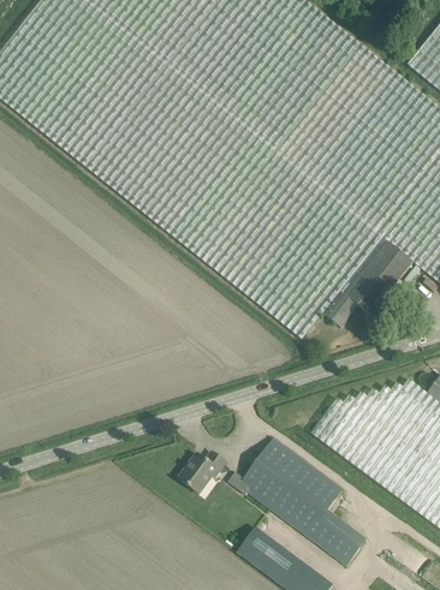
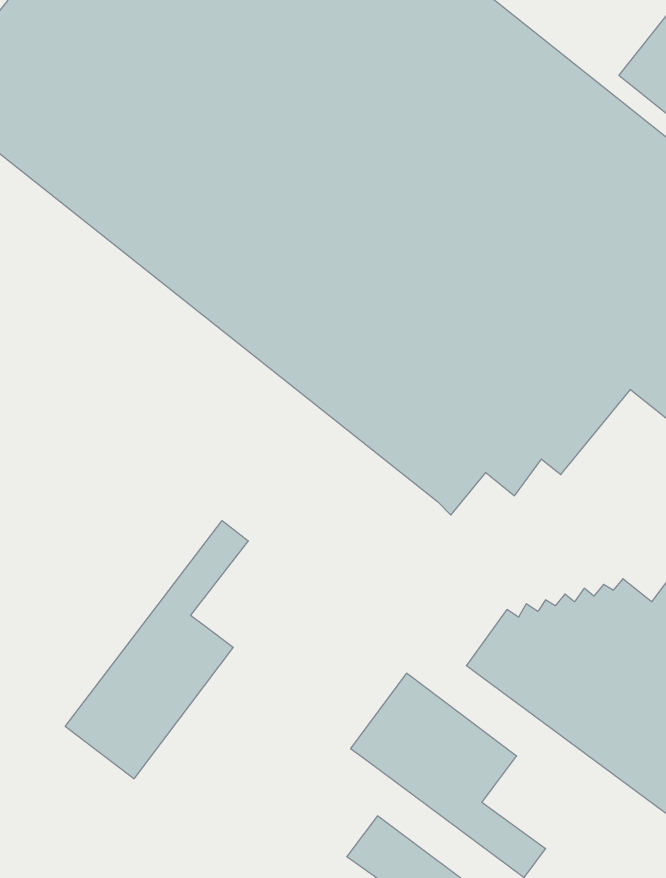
building: none -> [65,521,248,779]
building: [178,451,226,494] -> none

